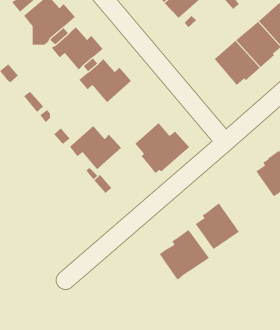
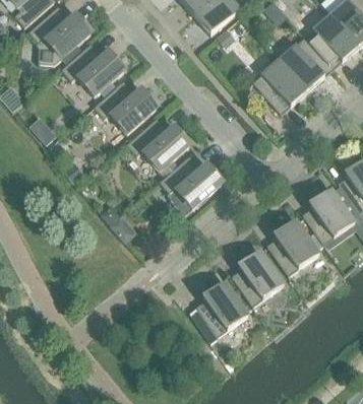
building: [69,125,122,170] -> [127,116,189,169]
building: none -> [266,217,319,273]

